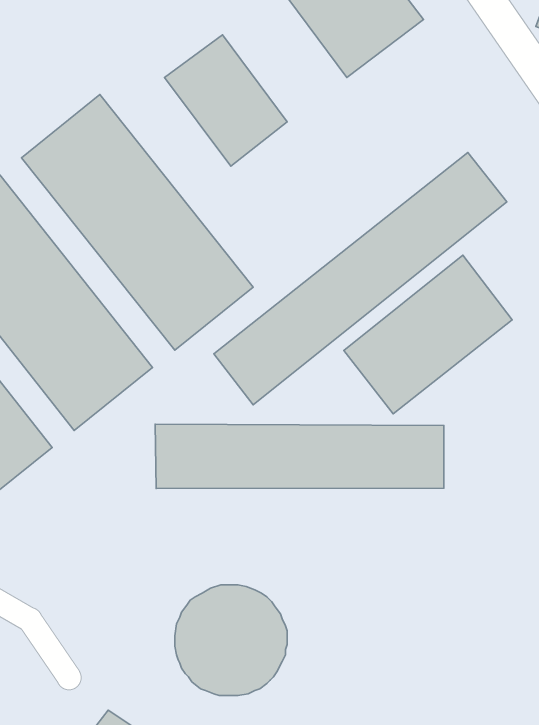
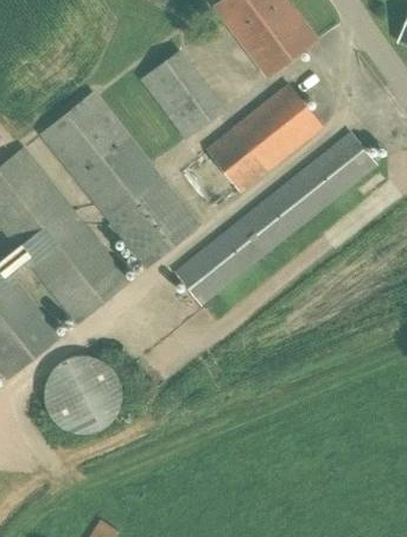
building: [344,255,512,414] -> [205,82,323,192]
building: [155,424,444,488] -> none
building: [175,585,287,696] -> [44,355,122,432]

